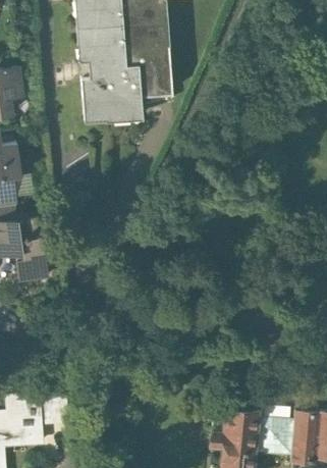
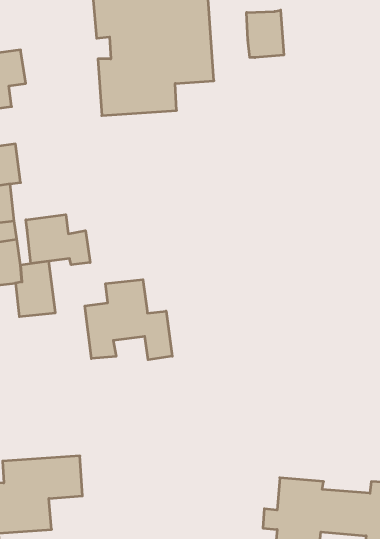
building: none -> [247,10,284,58]
building: none -> [26,215,90,265]
building: none -> [85,280,172,360]

